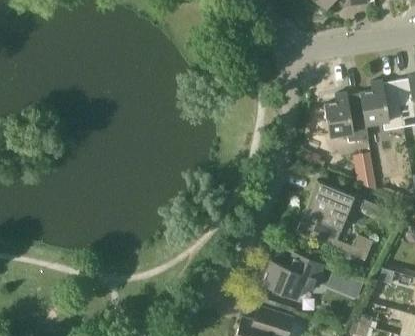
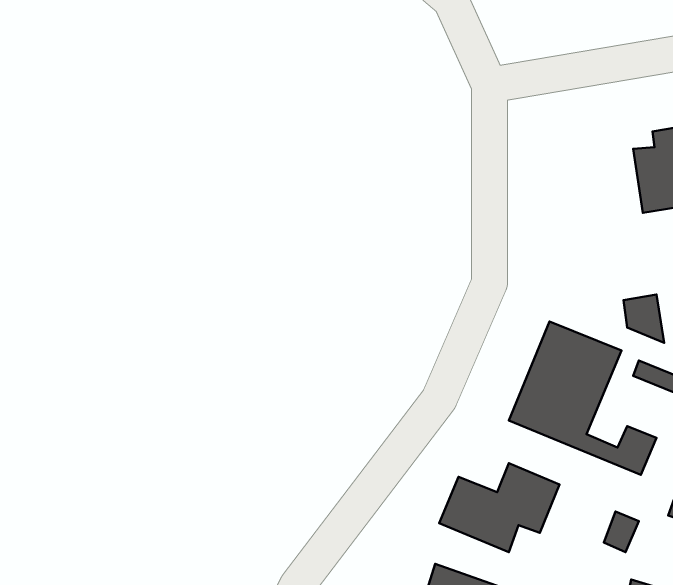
building: [323,92,368,143] -> none

